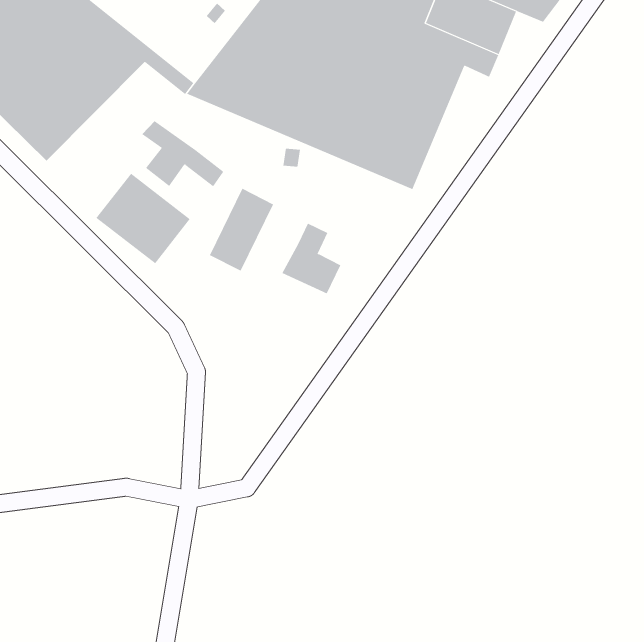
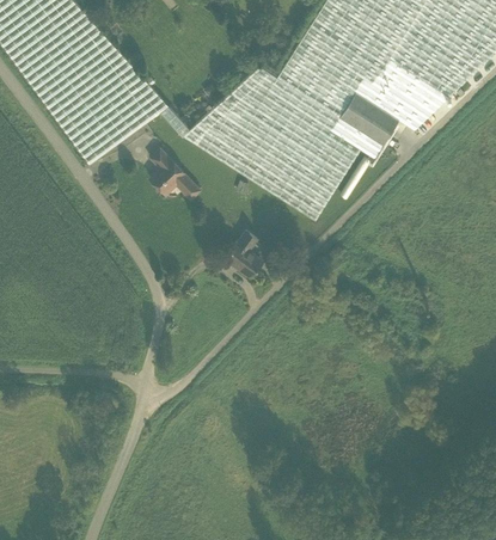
building: [96,173,191,264] -> none
building: [209,188,274,272] -> none

